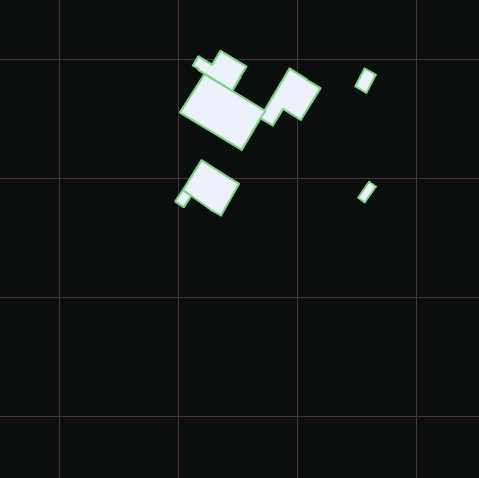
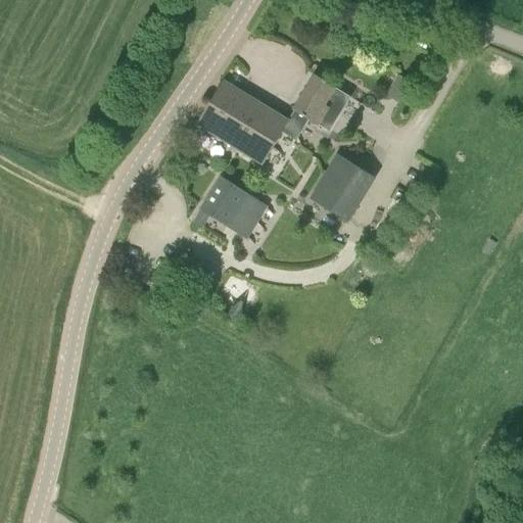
building: [193,51,246,91] -> none
building: none -> [308,152,376,222]

